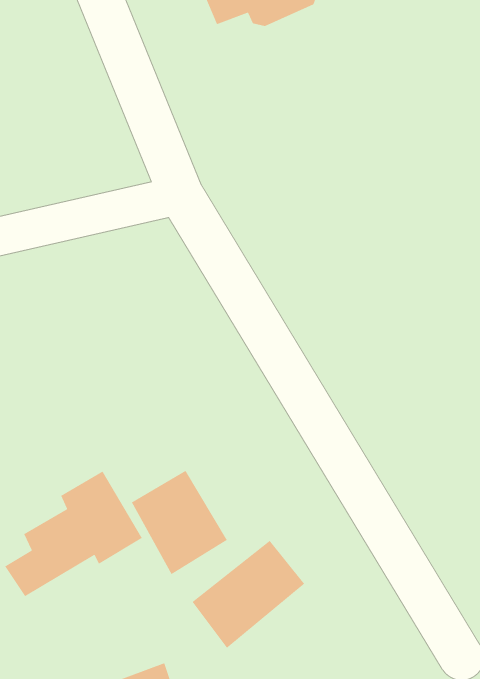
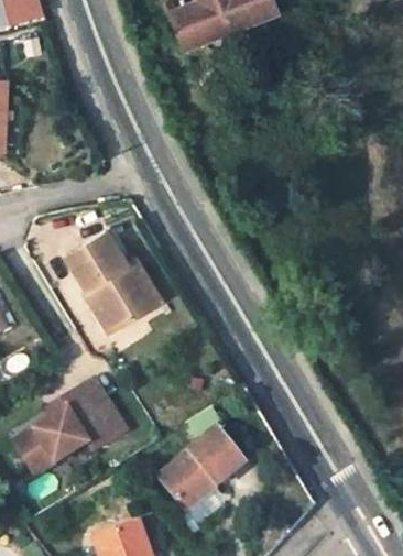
building: none -> [66,220,162,320]
building: [131,470,228,575] -> none

